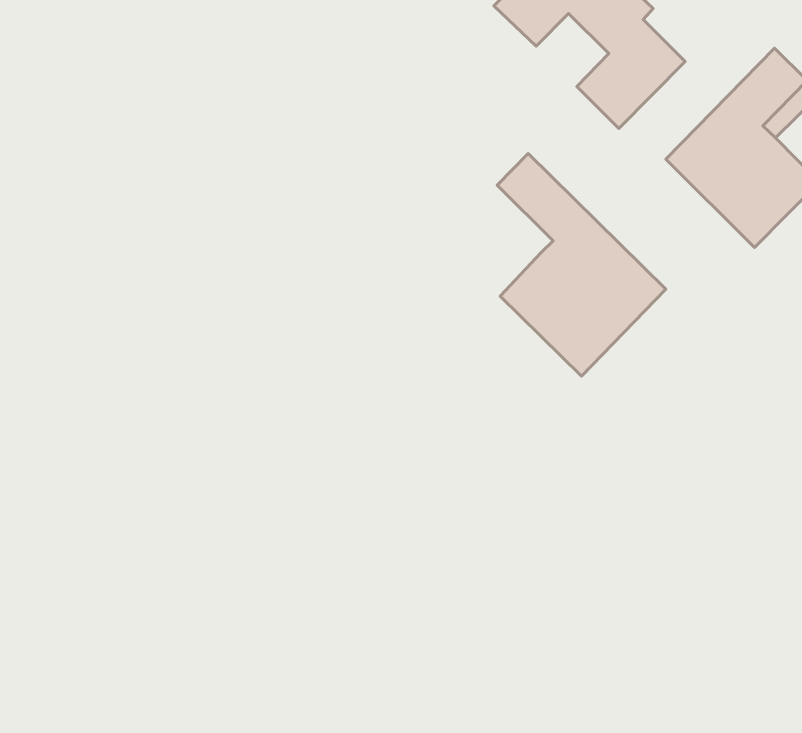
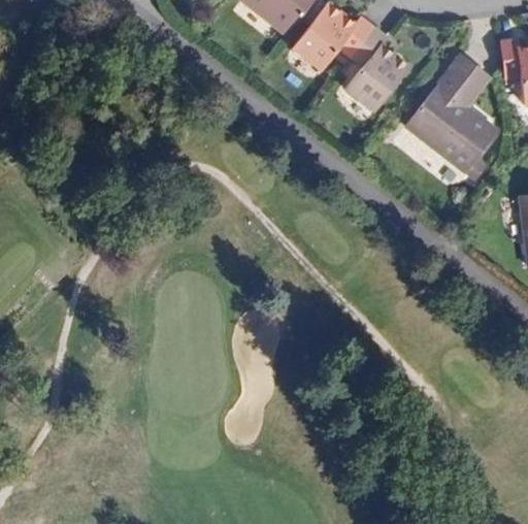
building: [497,154,666,376] -> none

